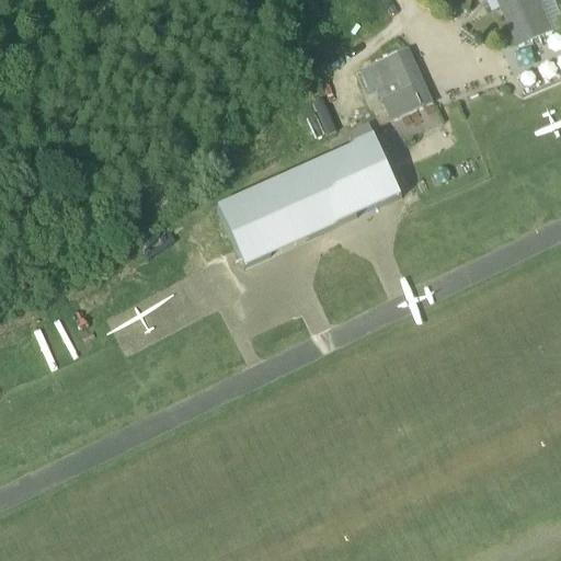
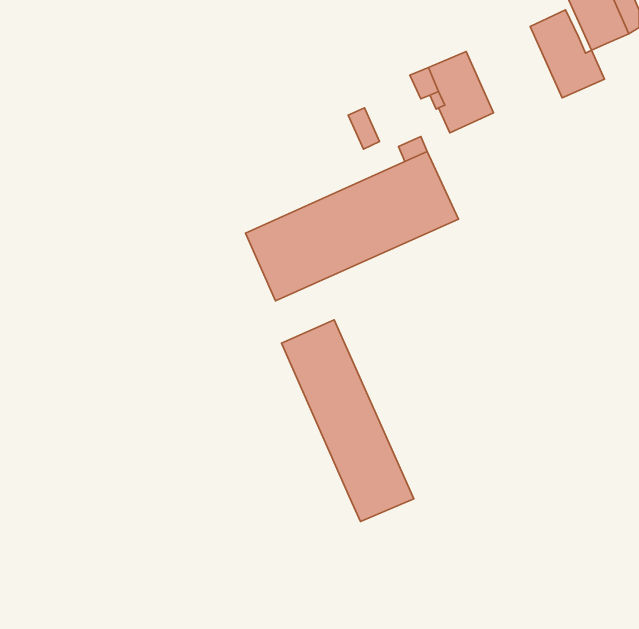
building: none -> [530,10,604,98]
building: none -> [281,320,414,522]

